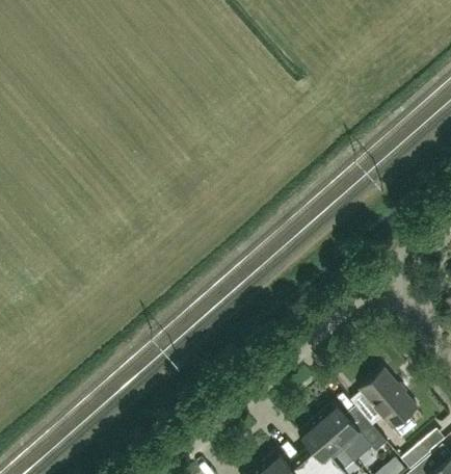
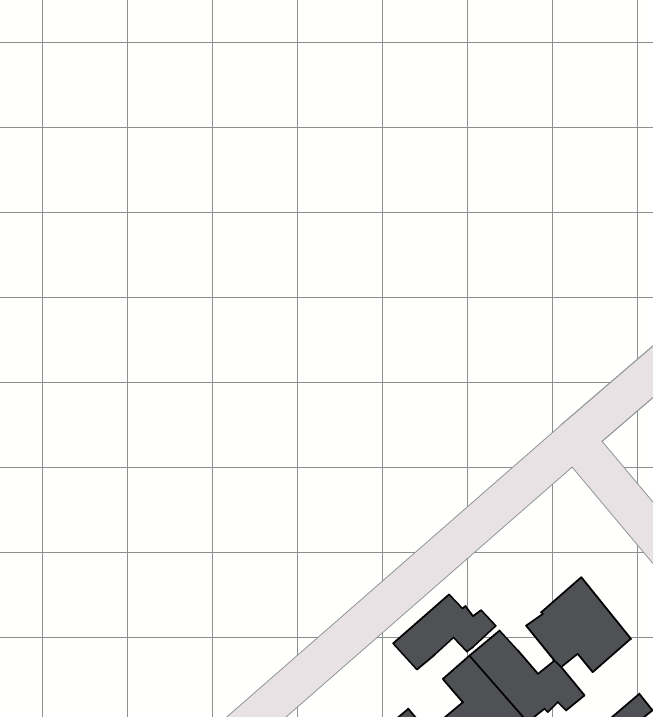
building: none -> [393,595,496,669]

